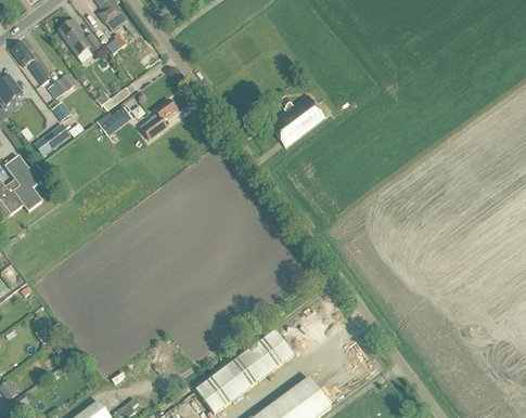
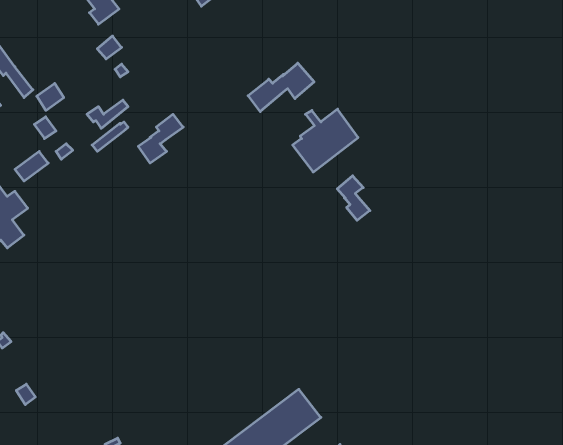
building: [59,18,102,56] -> none
building: none -> [248,63,314,112]
building: none -> [337,176,370,220]

